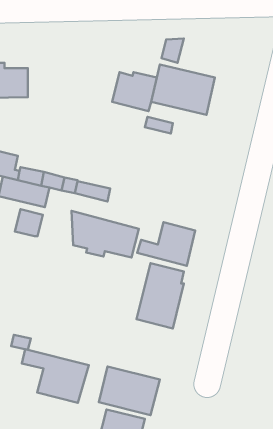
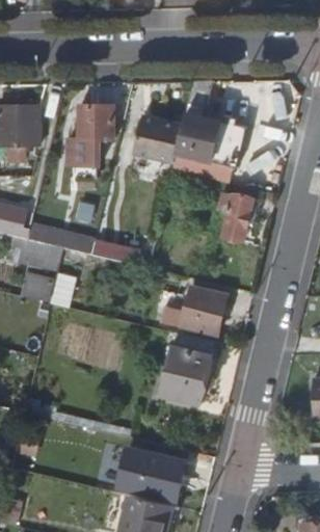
building: none -> [68,105,114,166]
building: none -> [221,192,259,243]
building: [71,211,139,258] -> none
building: [22,349,89,403] -> none

